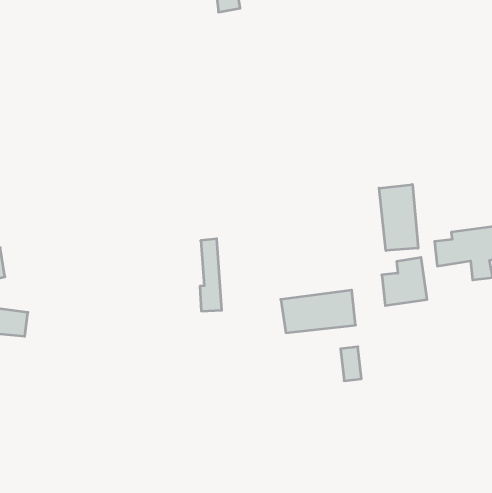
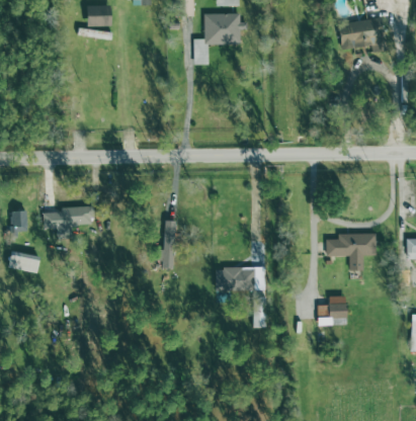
building: [379,184,418,251] -> none
building: none -> [44,206,93,239]
building: [382,257,427,306] -> [318,296,347,326]

